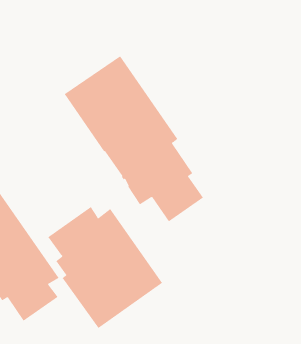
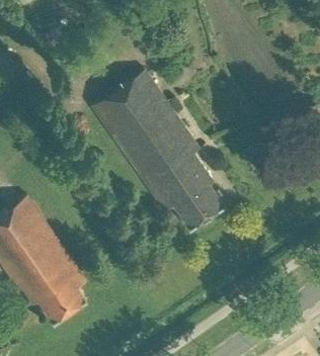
building: [47,206,163,329] -> none

